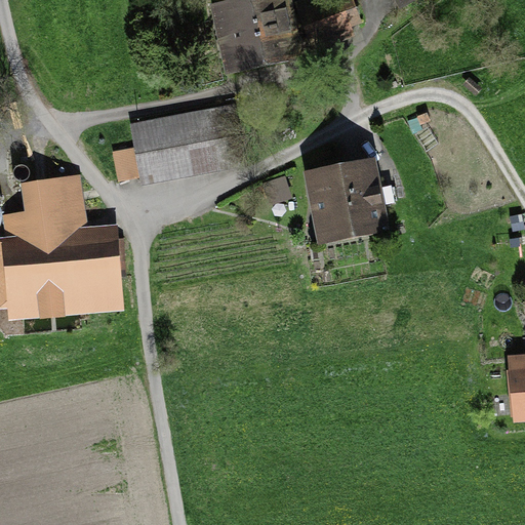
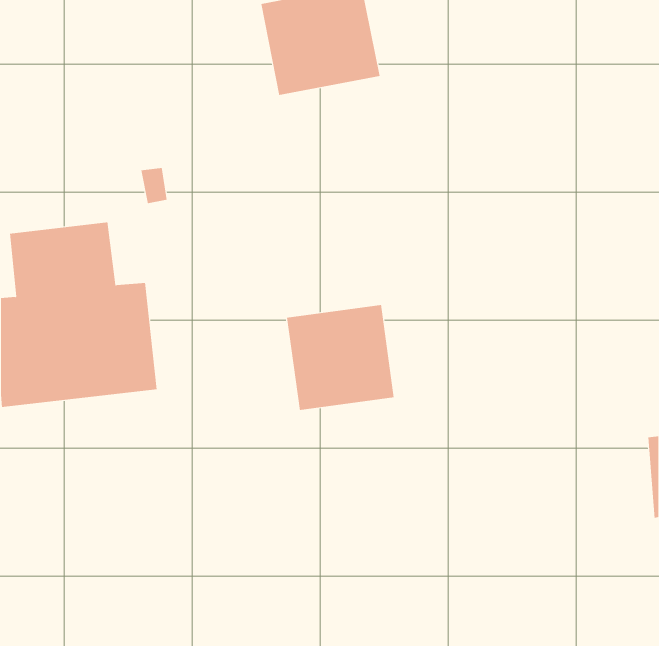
building: [134,107,225,181] -> none
building: [300,157,387,241] -> [286,305,395,410]

